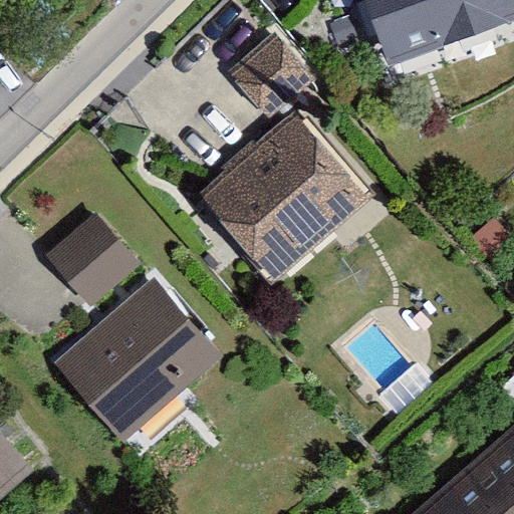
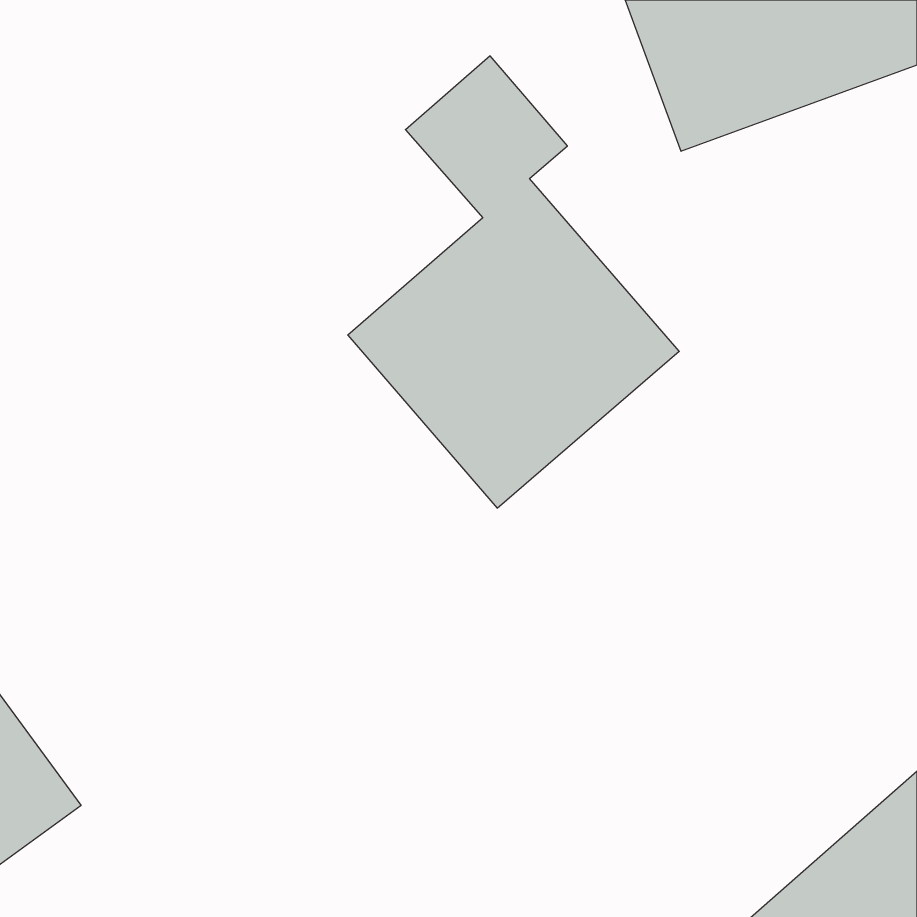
building: [41,205,215,435] -> none

